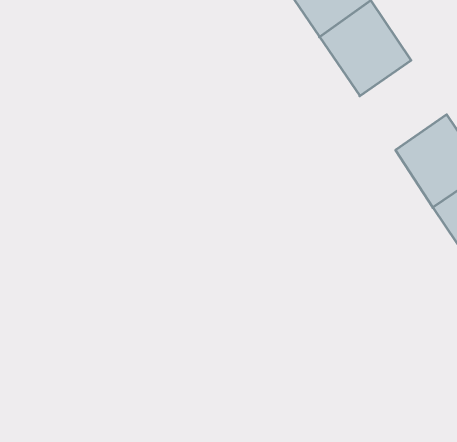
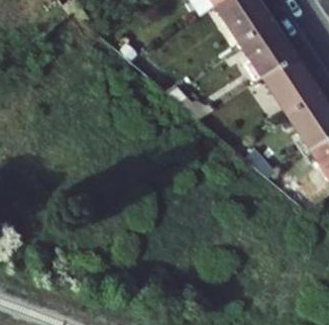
building: none -> [263,55,320,113]

